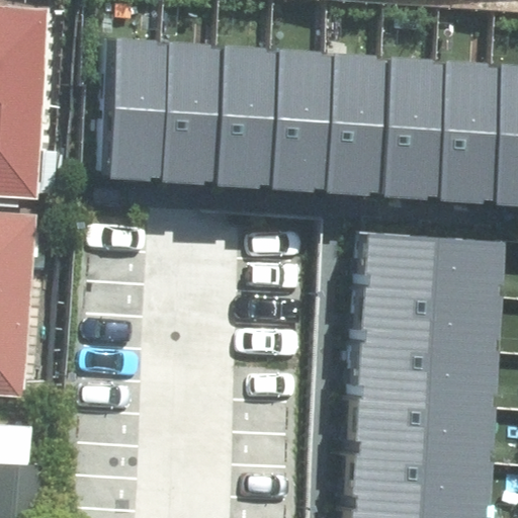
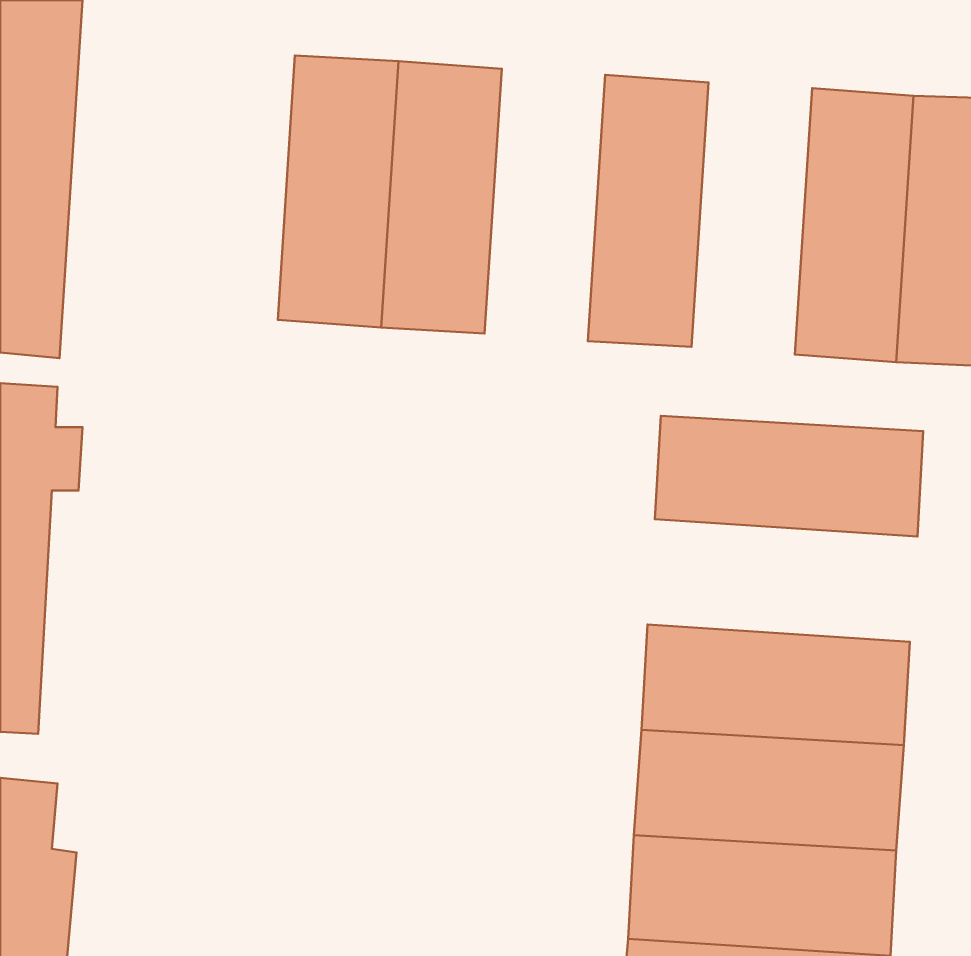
building: [96,37,160,181] -> none
building: [260,49,324,192] -> none
building: [369,56,433,199] -> none
building: [346,286,489,351] -> none

